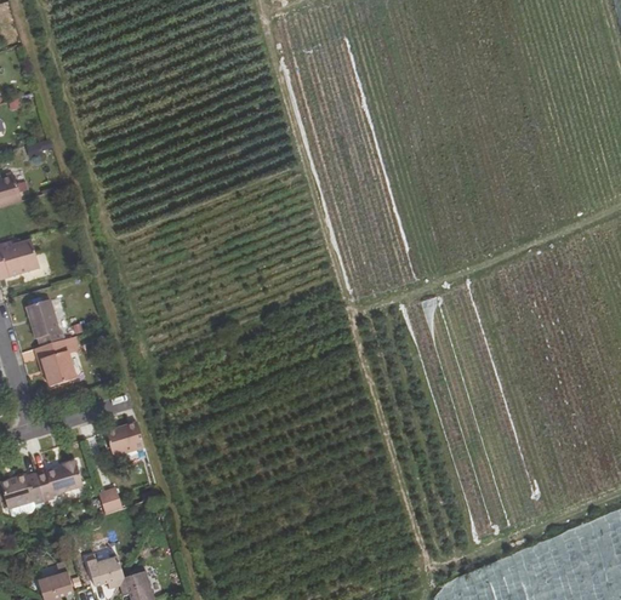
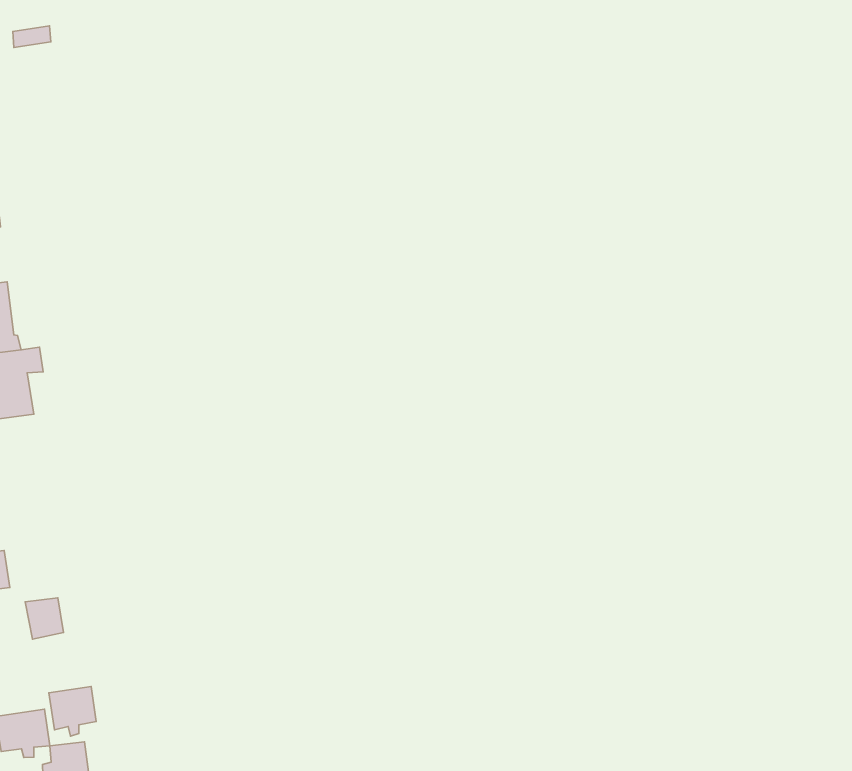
building: [104,423,143,455] -> none
building: none -> [49,686,96,736]

